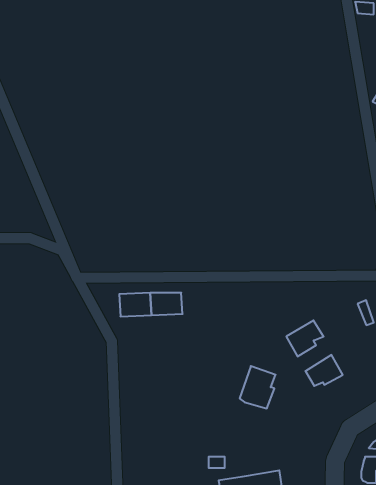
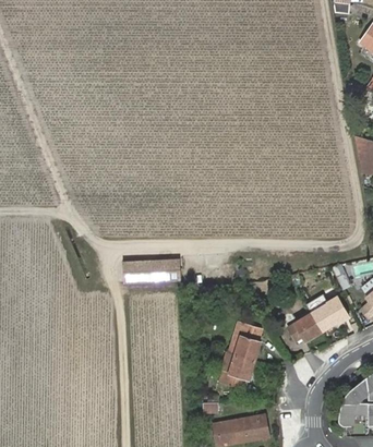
building: [286,320,324,356] -> [312,299,345,330]
building: none -> [220,351,255,388]

